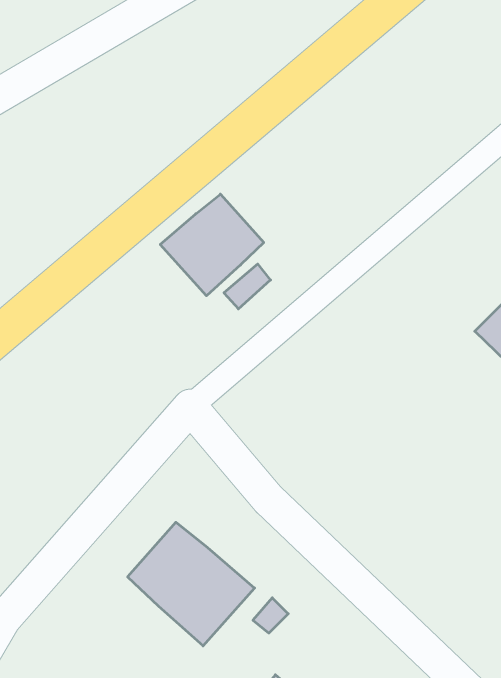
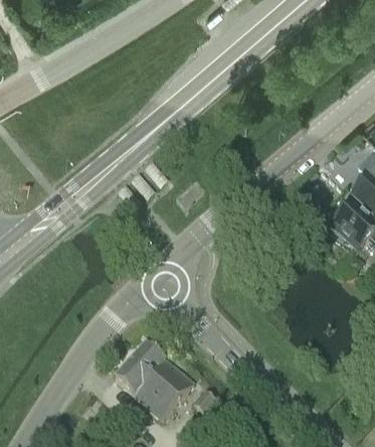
building: [160,194,264,296] -> none

